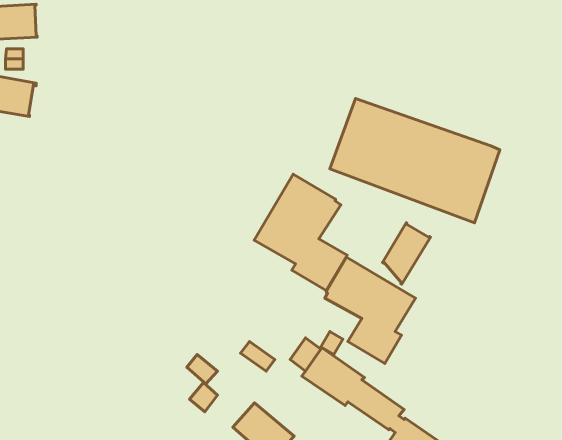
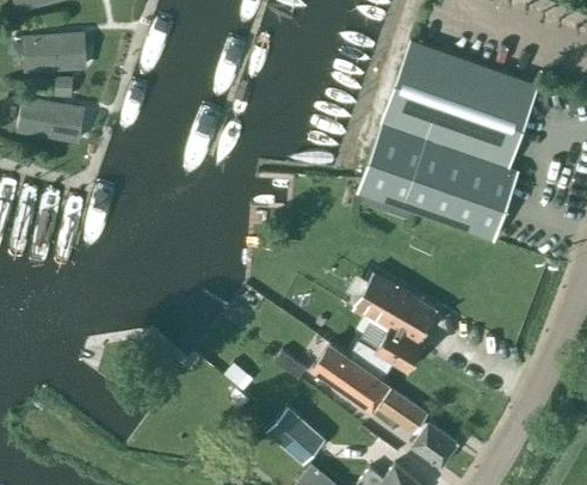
building: none -> [382,41,537,168]
building: [254,174,347,290] -> none
building: [382,223,431,284] -> none

